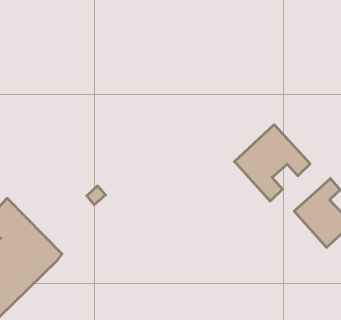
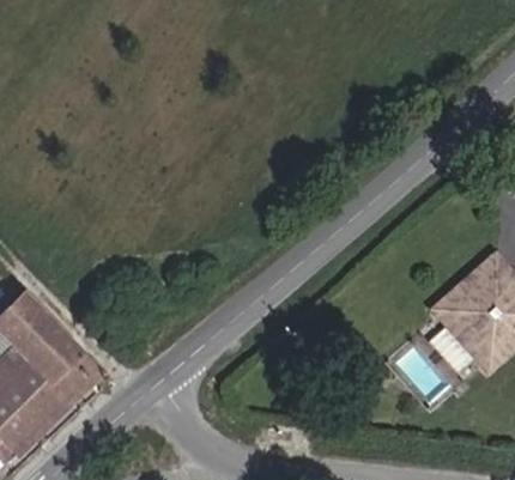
building: [234,125,310,201] -> none

